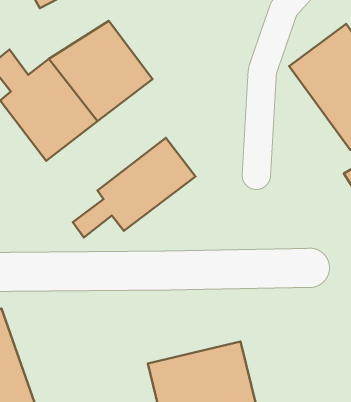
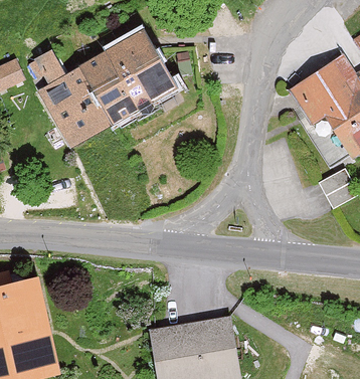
building: [73,138,195,237] -> none

